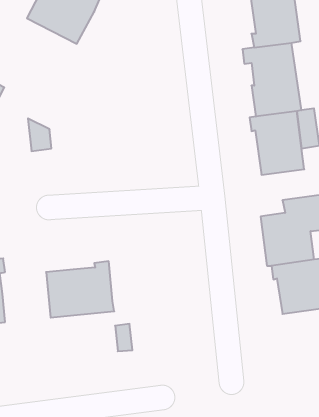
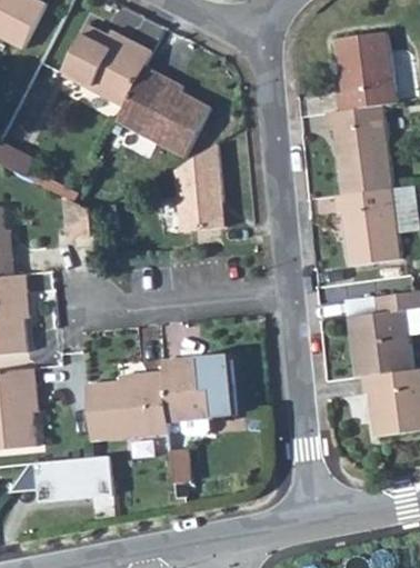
building: none -> [116,67,210,156]
building: none -> [176,143,222,231]
building: none -> [161,359,237,436]
building: none -> [36,456,113,501]

